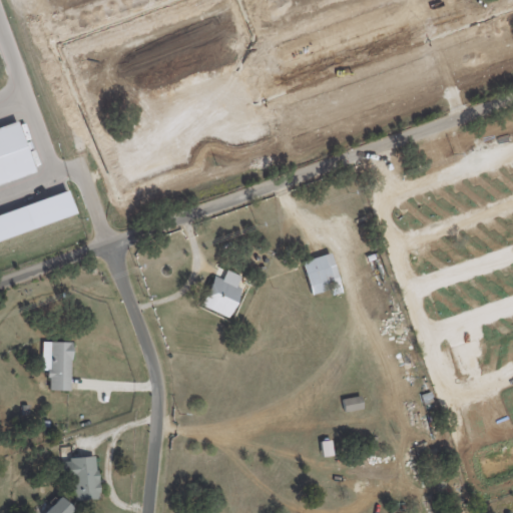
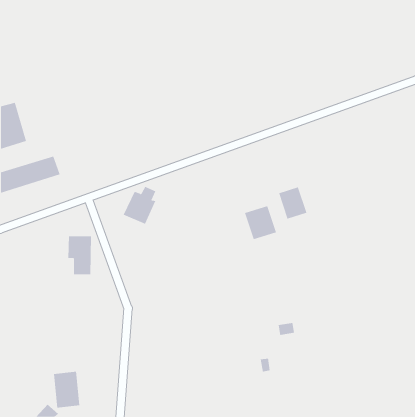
building: none -> [278,186,307,220]
building: [202,270,243,317] -> [123,186,156,225]
building: [43,342,73,390] -> [67,236,92,275]

